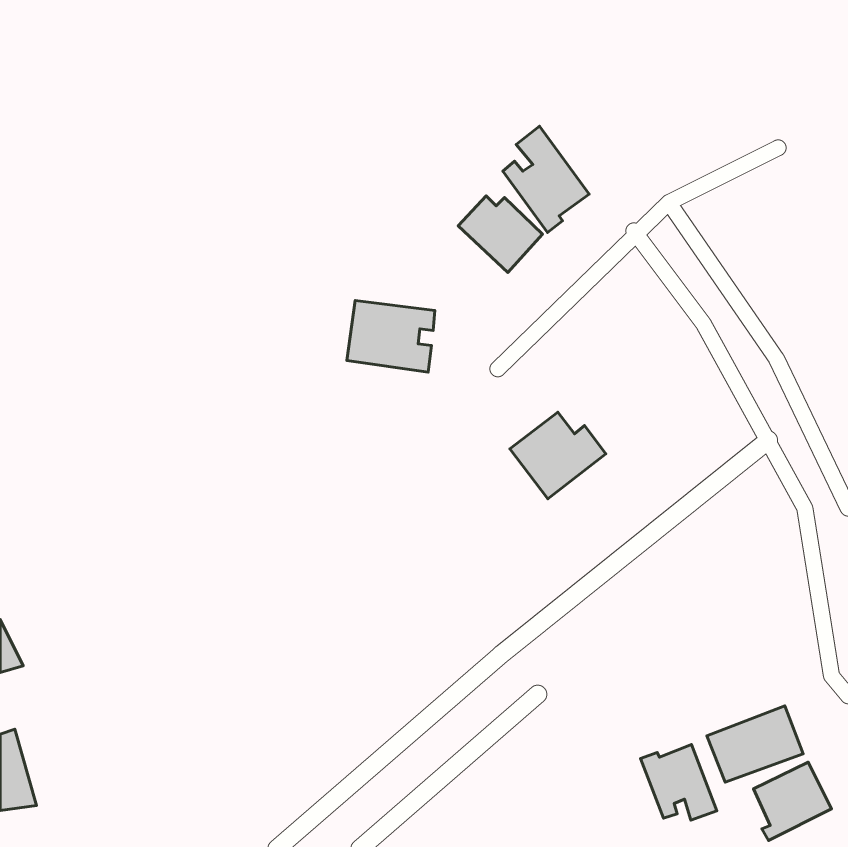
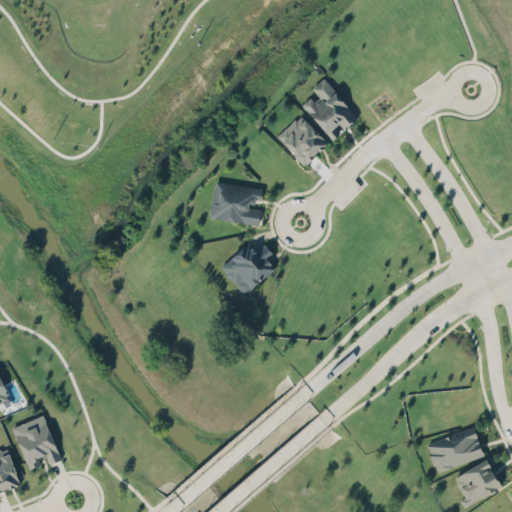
building: [510,412,606,499] -> [220,243,278,295]
building: none -> [12,413,63,471]
building: [641,745,717,820] -> none

